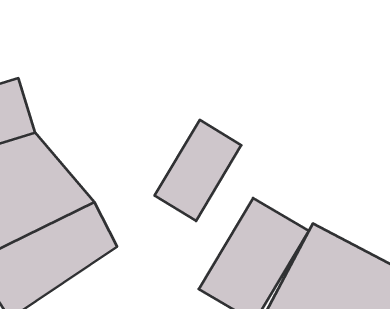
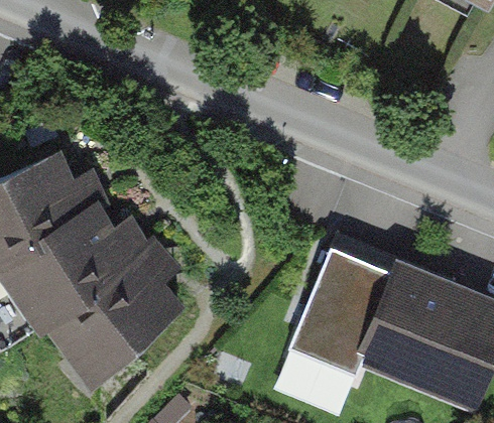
building: [155,120,241,221] -> none

